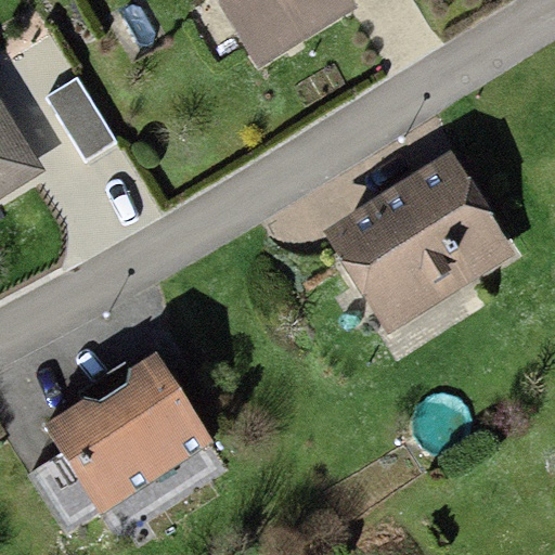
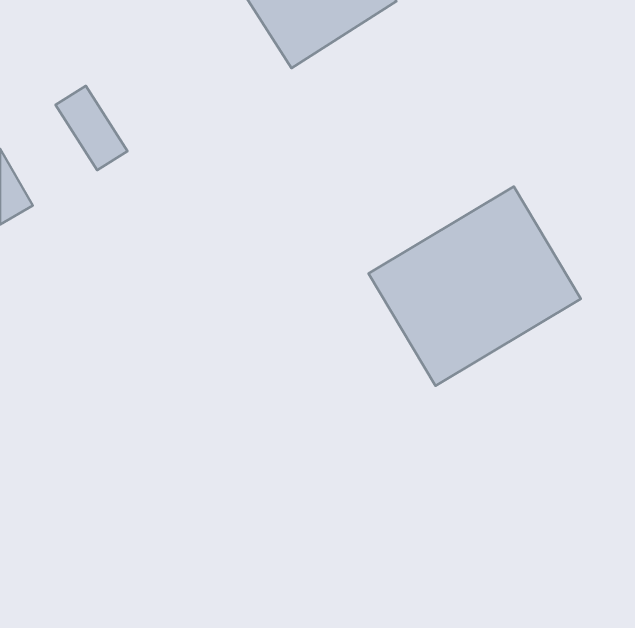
building: [48,365,203,507] -> none

